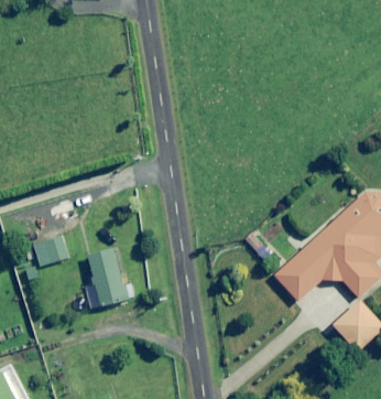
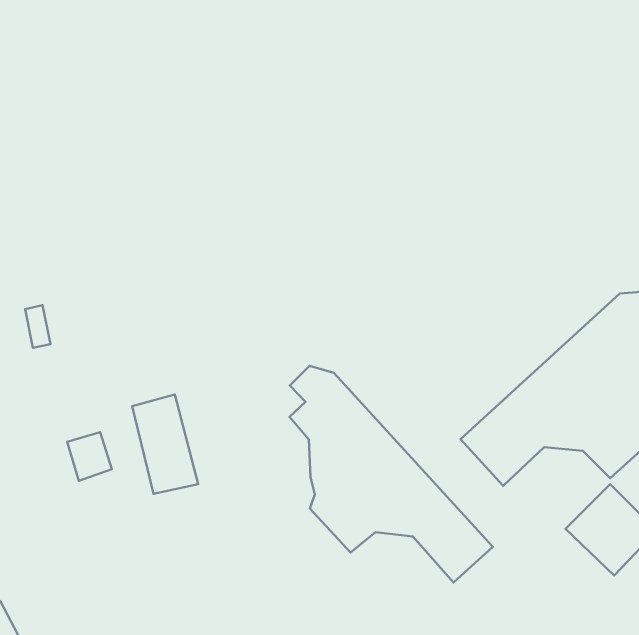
building: none -> [289,366,493,583]
building: [44,236,69,263] -> [67,432,112,481]

